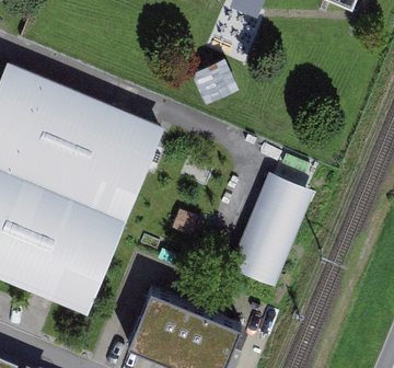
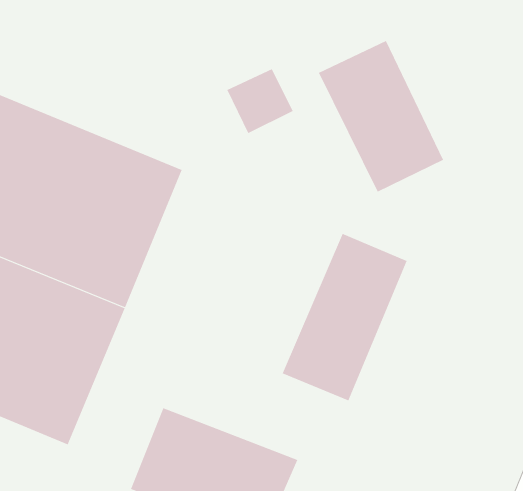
building: none -> [318,40,444,192]

